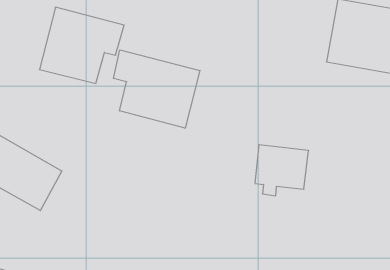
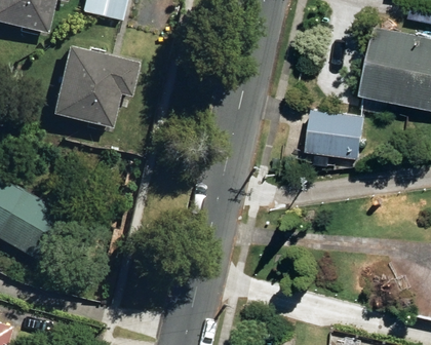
building: [113,50,200,128] -> none
building: [255,145,309,196] -> [307,114,365,169]

